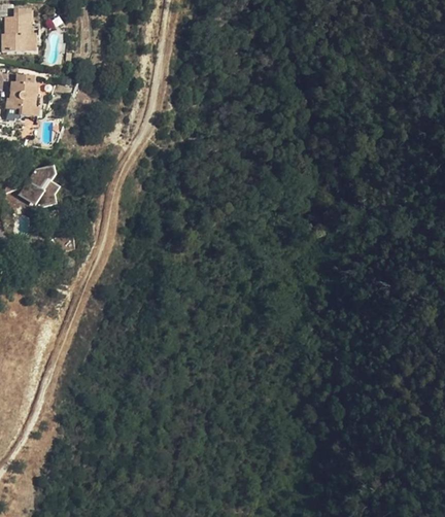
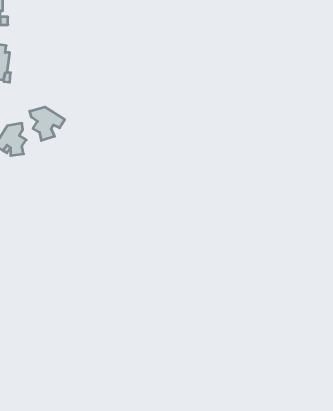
building: none -> [30,107,65,141]

